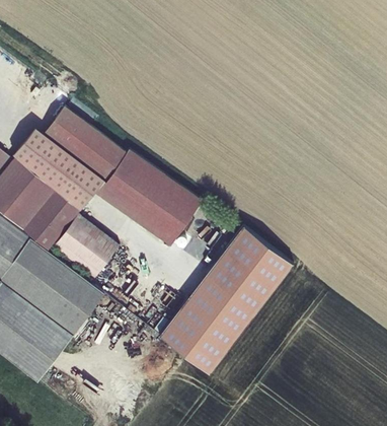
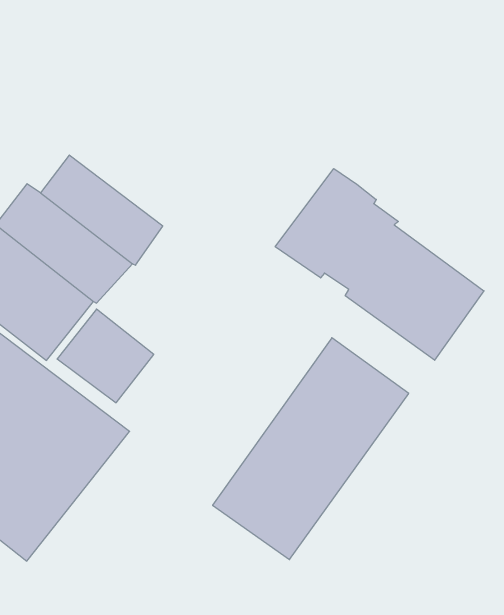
building: none -> [275,169,484,360]
building: [98,151,200,243] -> none

